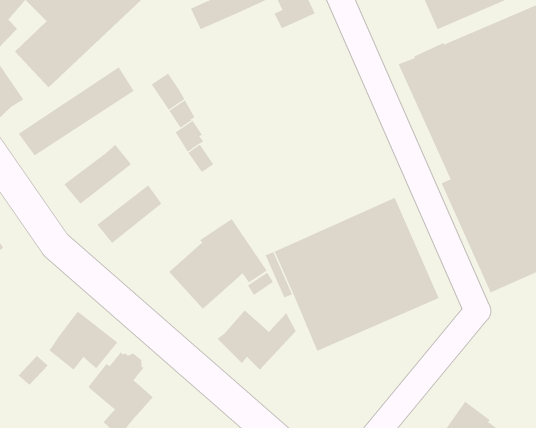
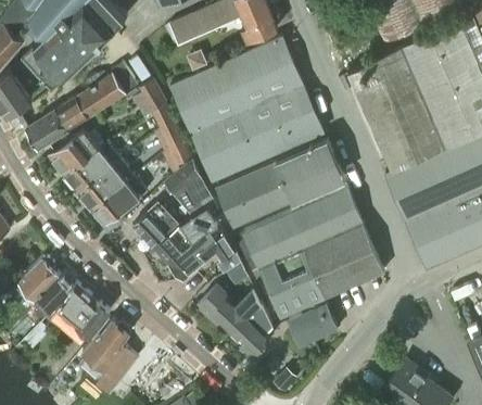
building: none -> [169,37,325,182]
building: none -> [47,129,98,176]
building: none -> [216,140,343,228]
building: none -> [76,159,135,211]
building: none -> [164,164,214,208]
building: none -> [131,204,180,251]
building: none -> [18,256,69,314]
building: none -> [230,302,274,359]
building: none -> [287,305,337,347]

